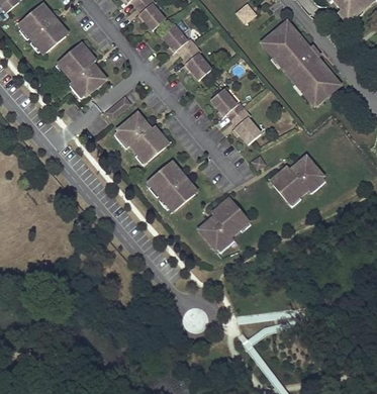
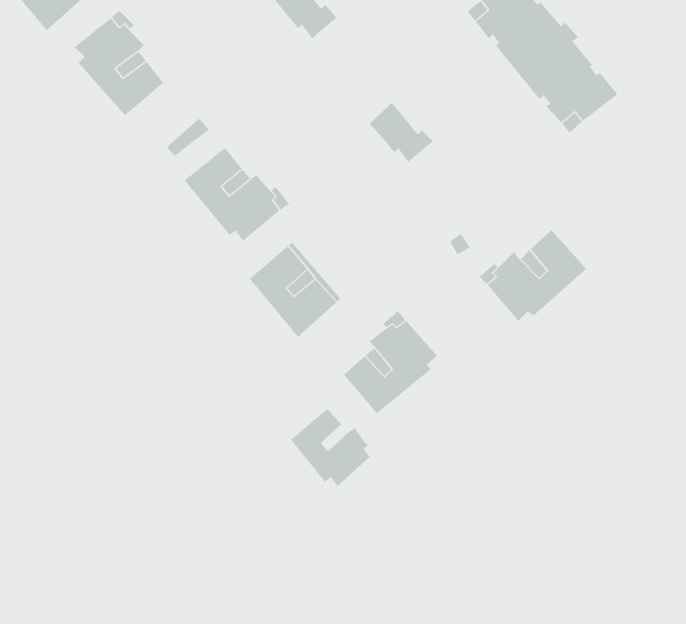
building: [182,45,211,80] -> none
building: [231,109,260,143] -> none
building: none -> [290,408,371,487]

